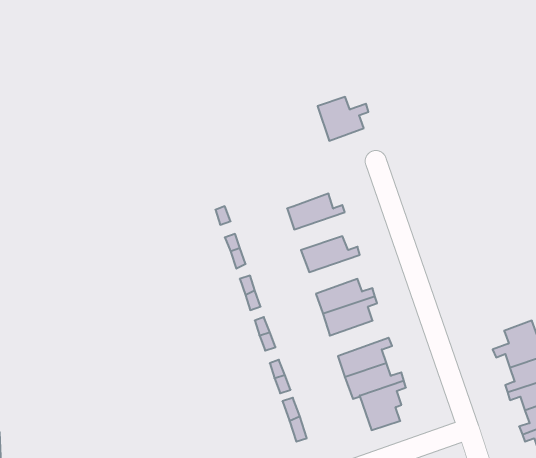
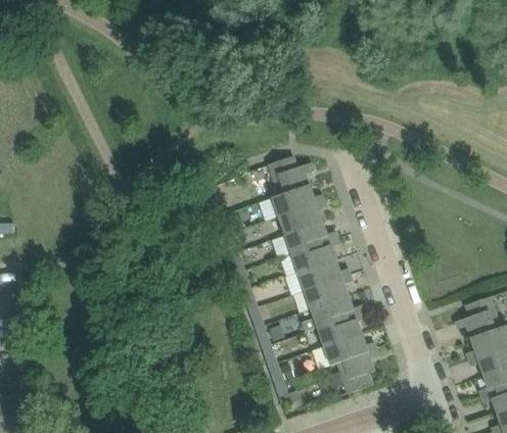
building: [318,97,368,141] -> [269,156,314,195]
building: none -> [279,200,327,234]
building: none -> [292,238,339,273]
building: none -> [302,296,363,332]

